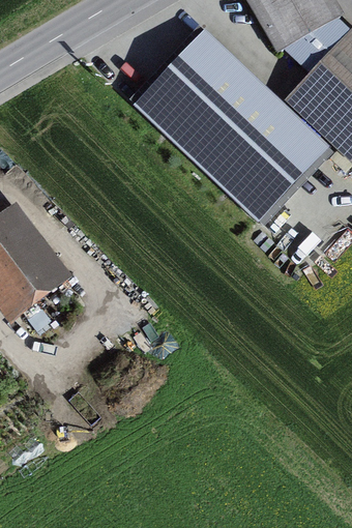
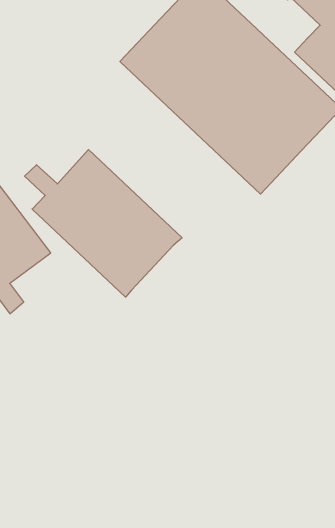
building: none -> [25,150,182,297]

